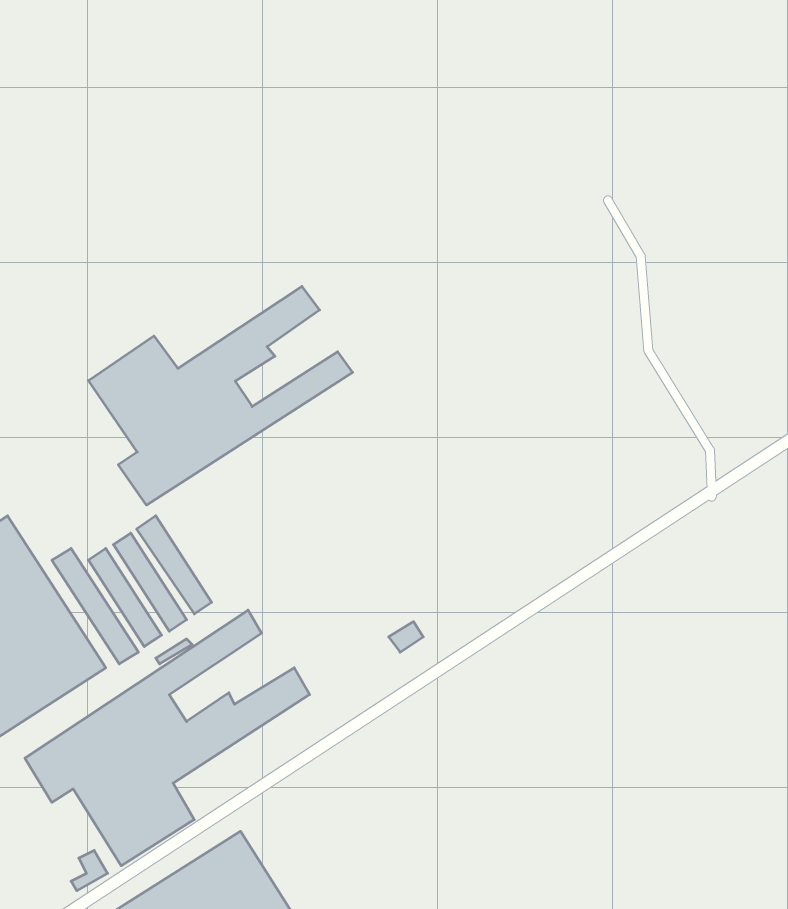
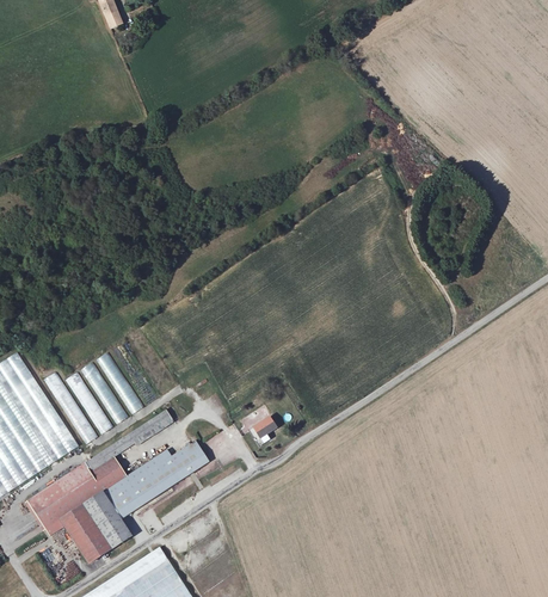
building: [88,286,353,505] -> none

